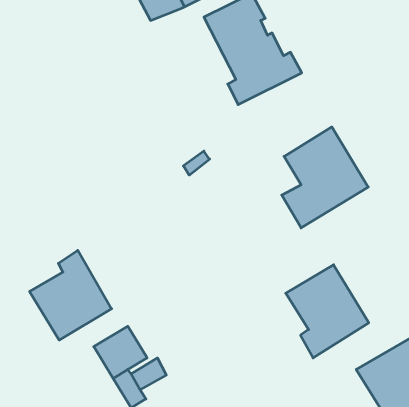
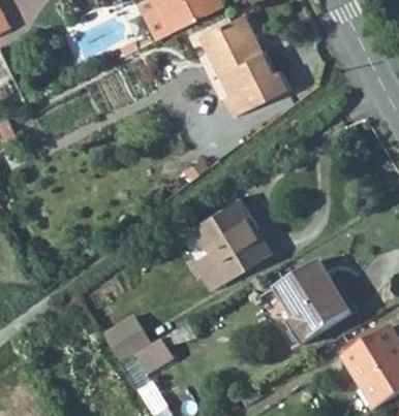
building: [282,127,368,228] -> [192,187,271,279]
building: [30,250,112,340] -> none

